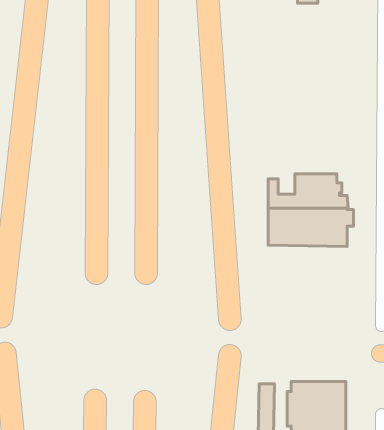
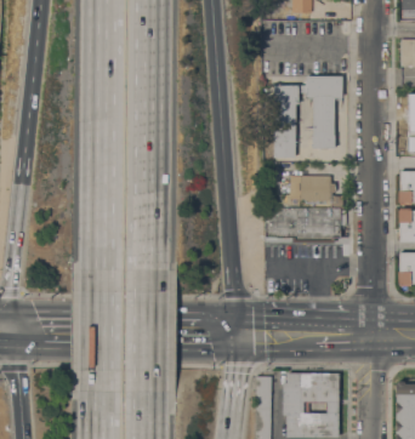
building: none -> [274,75,342,158]

